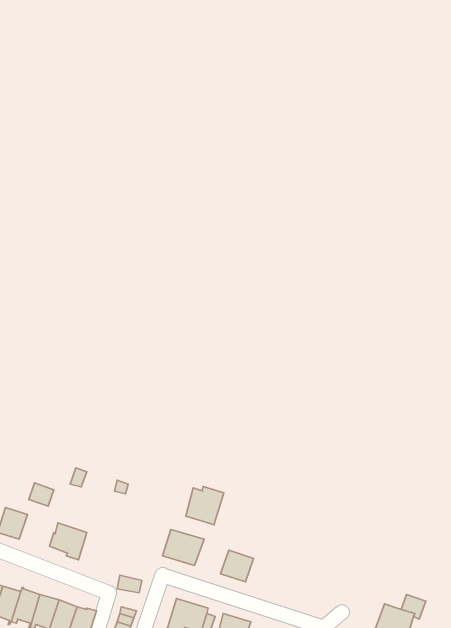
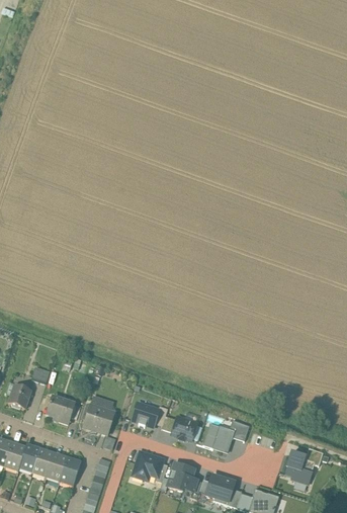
building: [186,487,224,525] -> none
building: none -> [83,405,114,434]
building: none -> [202,422,235,453]

